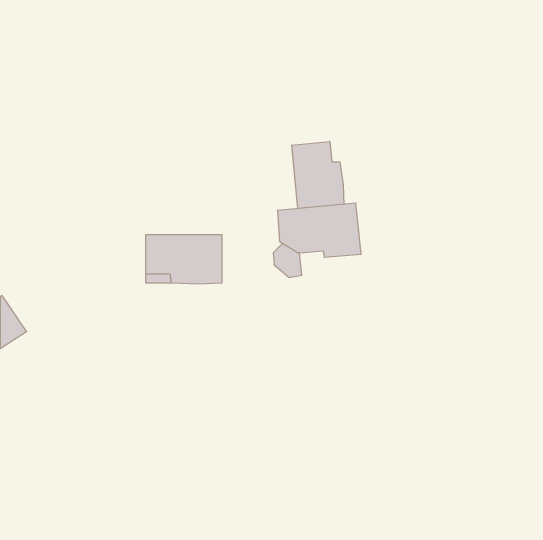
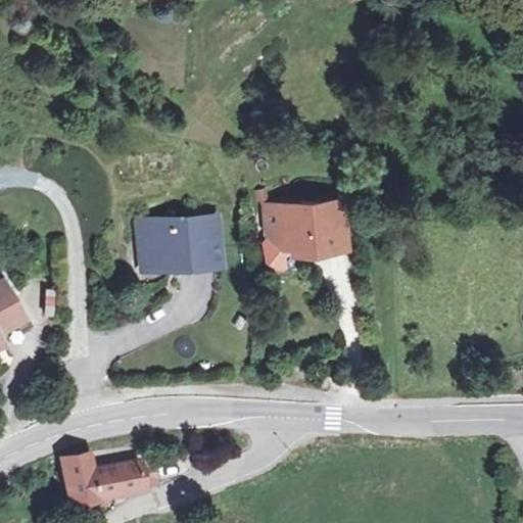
building: [292,141,344,209] -> none
building: none -> [59,451,156,506]

